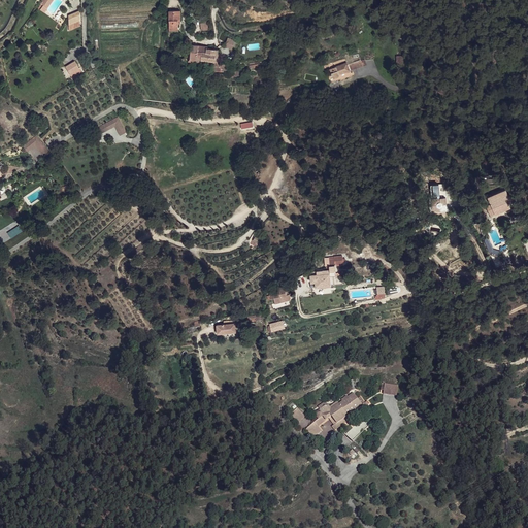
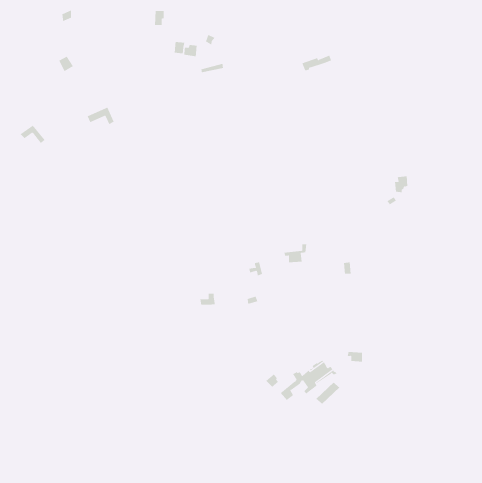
building: [486,190,513,214] -> none

